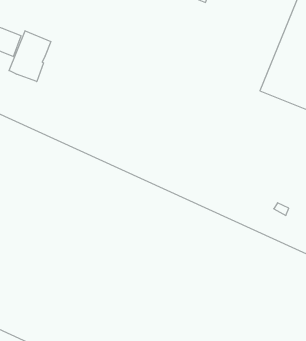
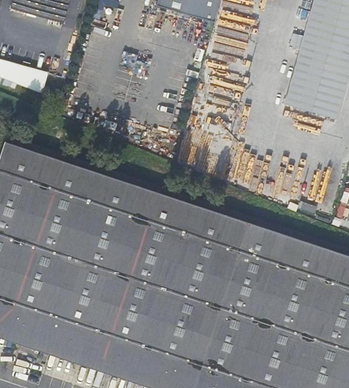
building: [9,31,51,82] -> none

